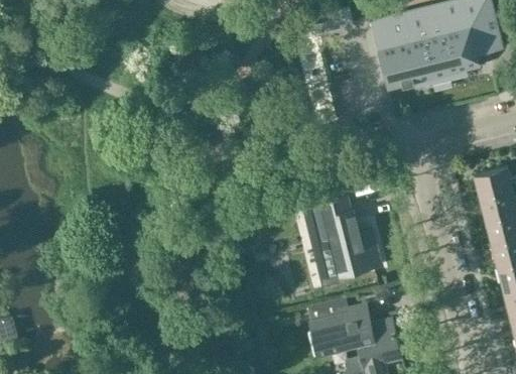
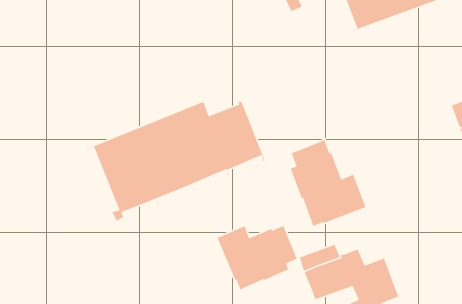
building: none -> [86,101,265,222]
building: none -> [216,224,302,290]

